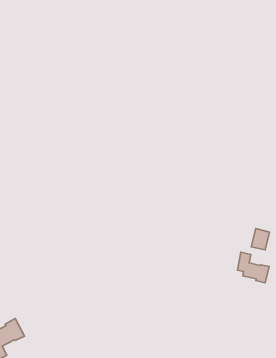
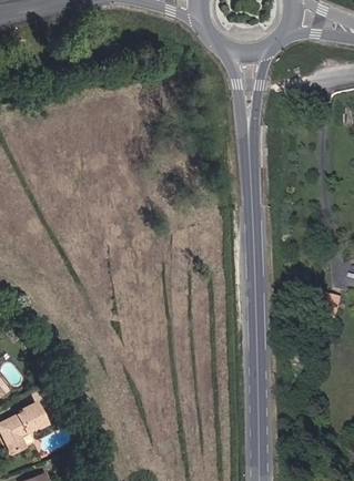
building: [237,252,269,283] -> none

